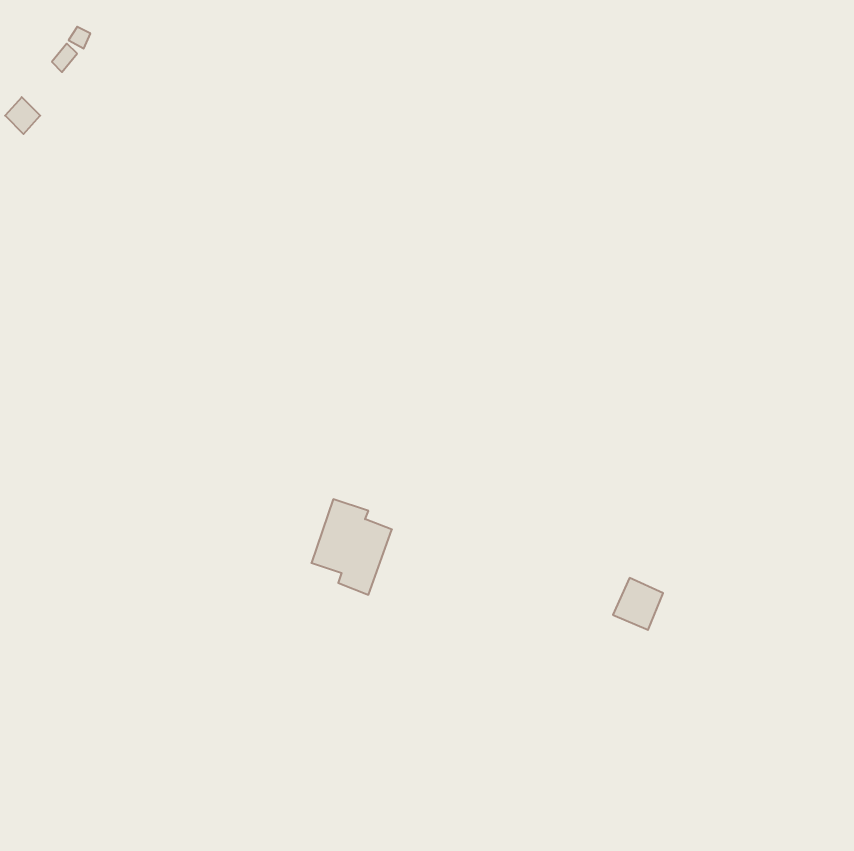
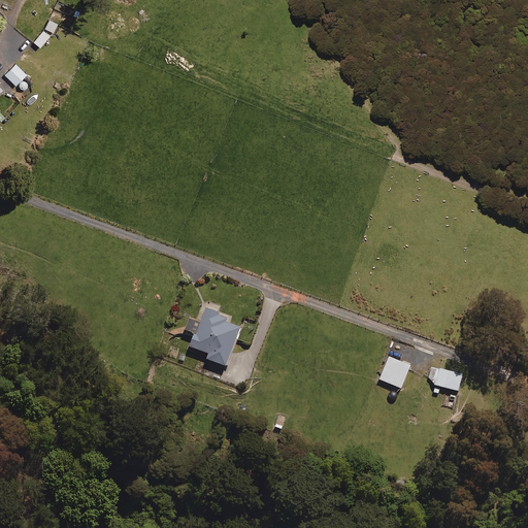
building: none -> [427,366,461,392]

